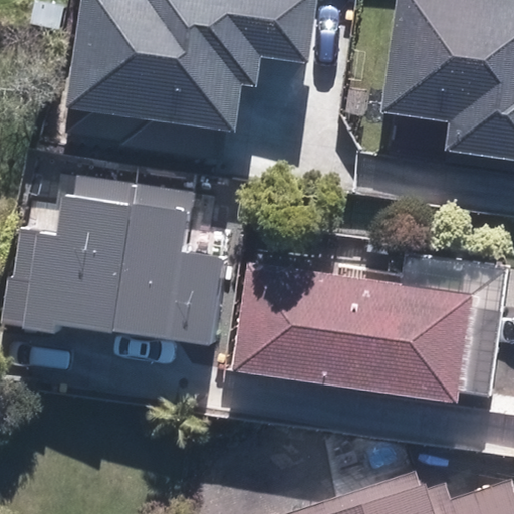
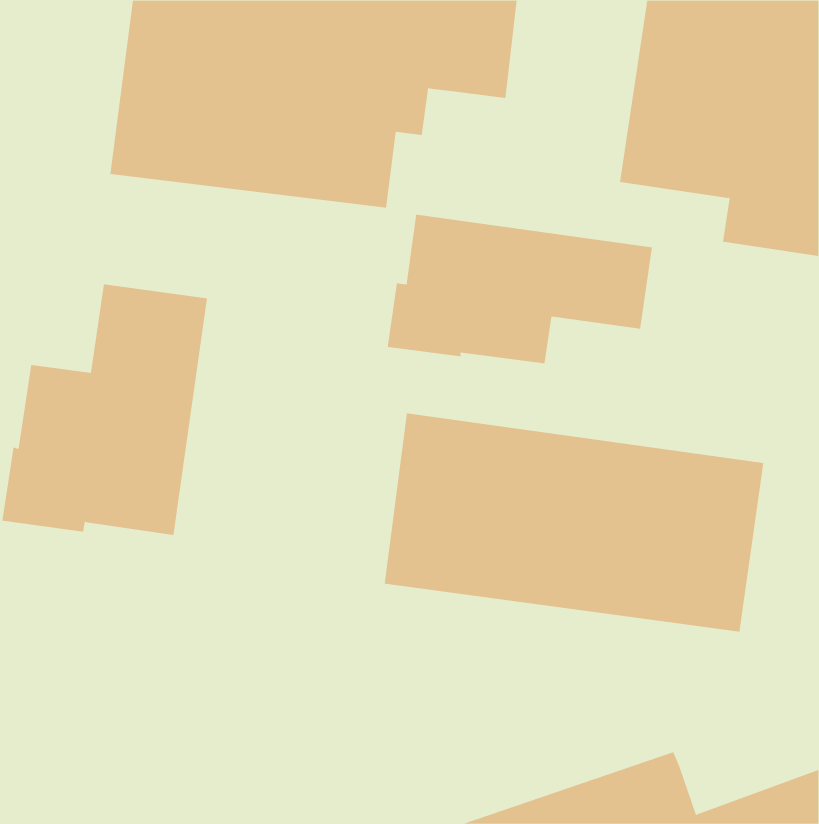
building: none -> [387,214,652,364]
building: [108,186,221,347] -> none

